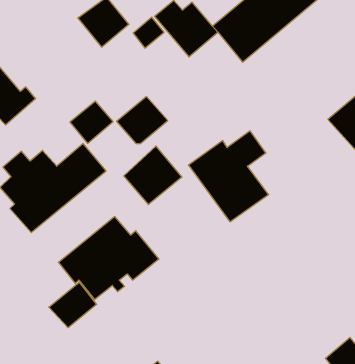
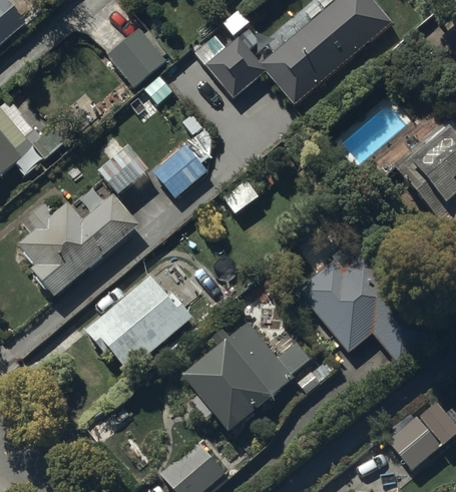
building: [188,131,269,222] -> [298,248,389,351]
building: [124,146,182,205] -> none
building: none -> [182,323,311,432]
building: [49,282,97,328] -> none

